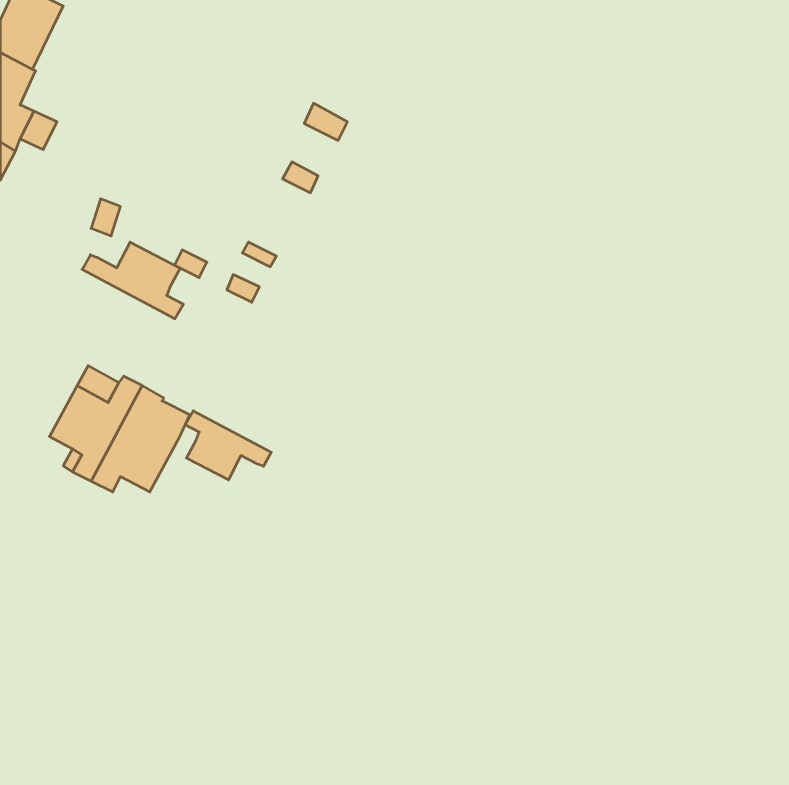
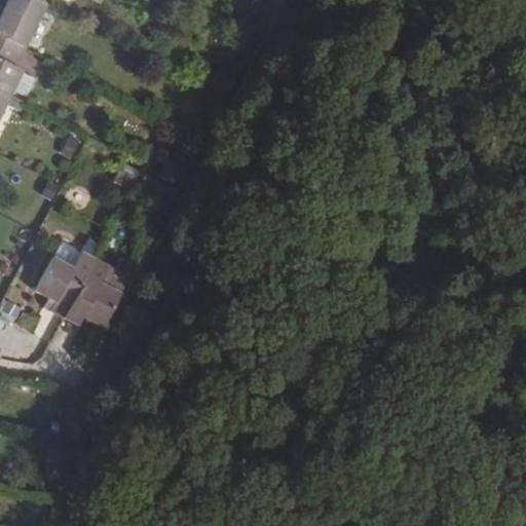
building: [82,242,183,319] -> none
building: [185,411,271,480] -> none

